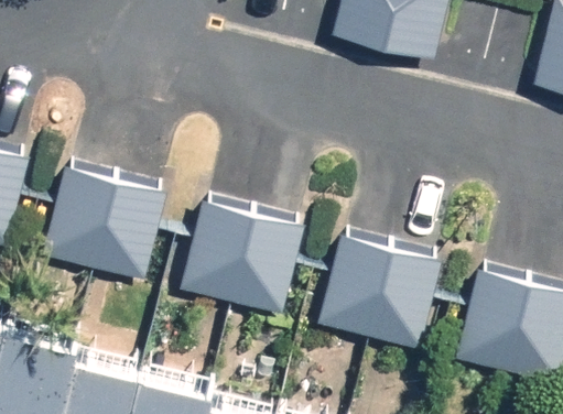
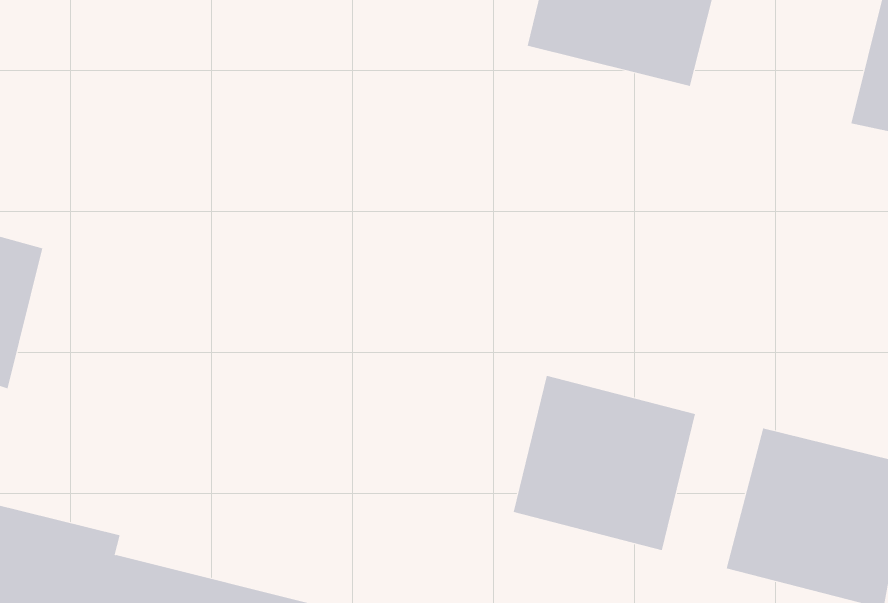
building: [44,170,164,282] -> none
building: [183,206,301,315] -> none

